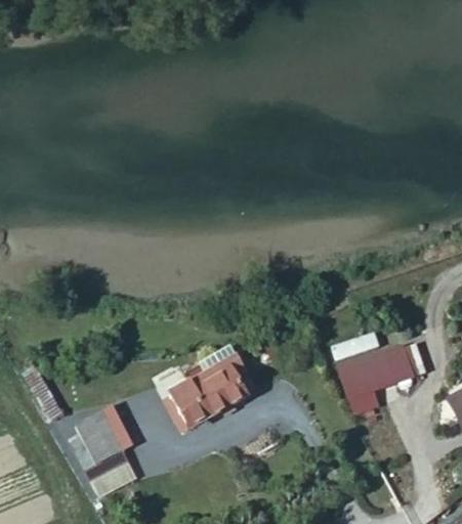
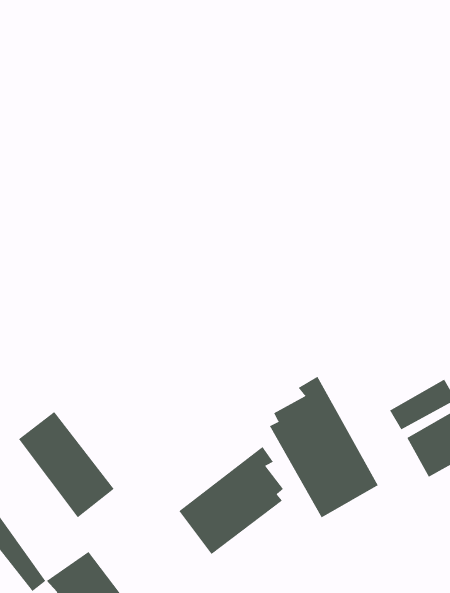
building: none -> [18,411,115,518]
building: none -> [269,376,379,518]

